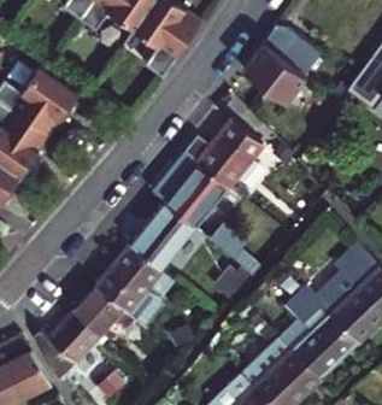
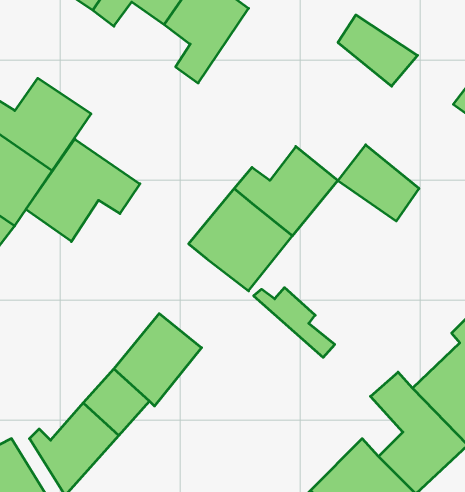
building: [241,45,301,101] -> [338,145,419,221]
building: none -> [26,139,140,242]
building: [129,205,195,271] -> none

